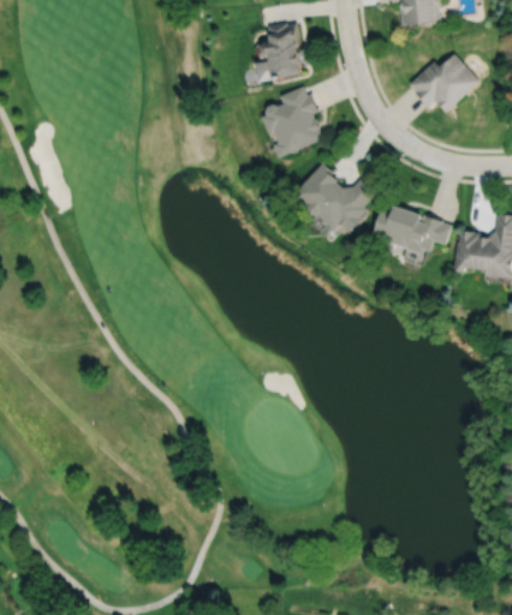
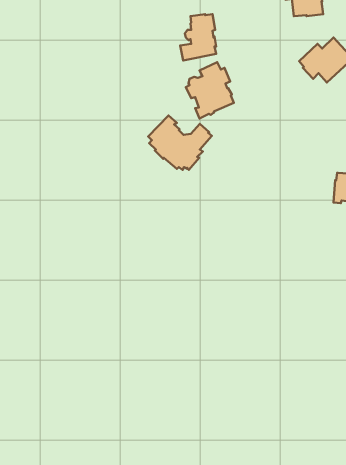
building: [297,163,380,234] -> [148,115,212,170]
building: [373,205,452,251] -> none

